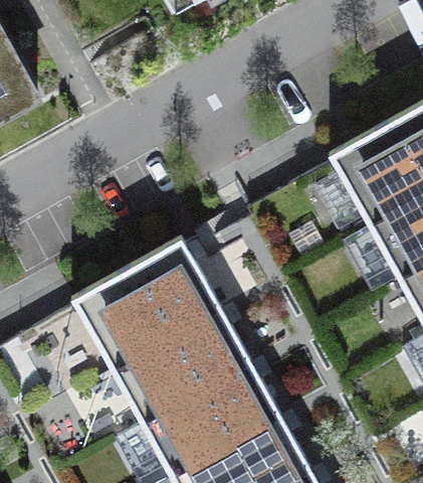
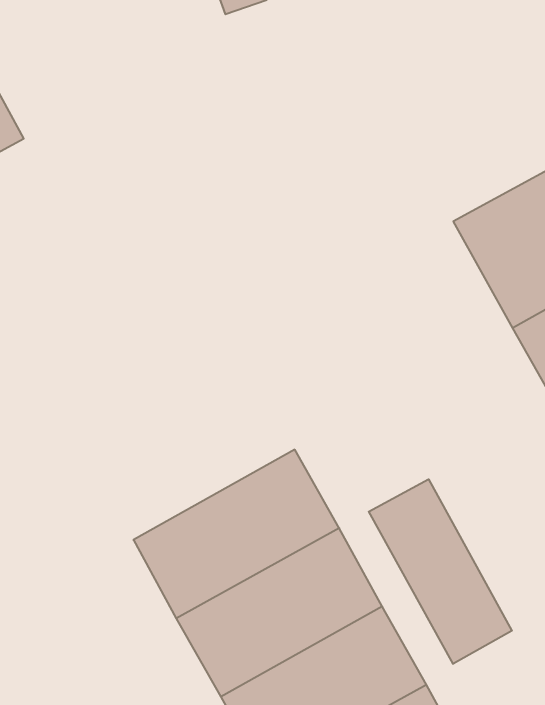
building: [73,236,223,370] -> none
building: none -> [369,479,512,664]

